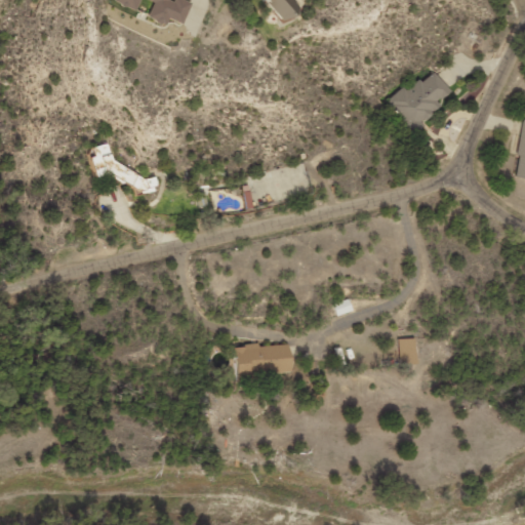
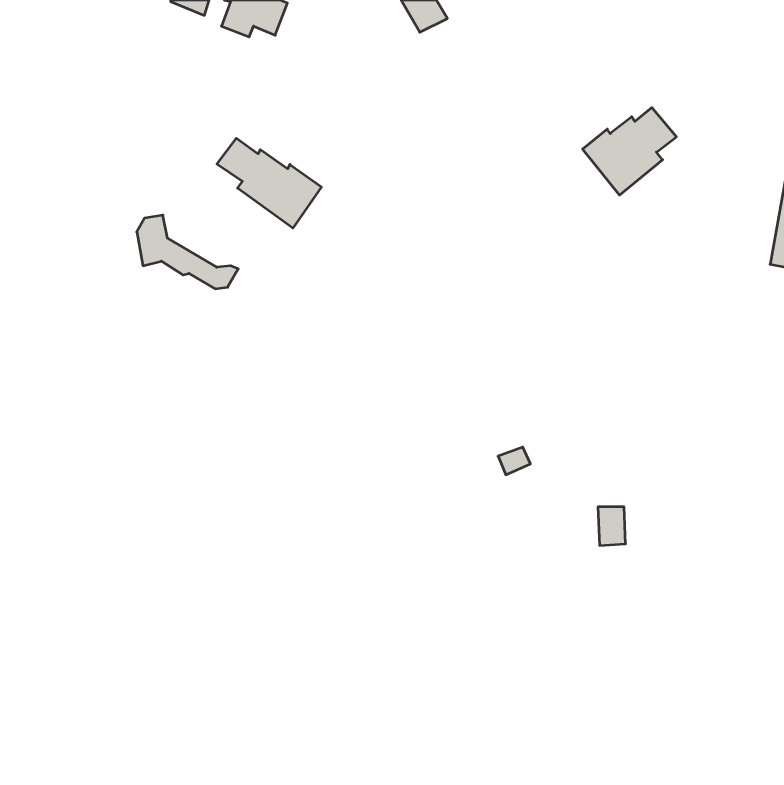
building: none -> [217,138,321,228]
building: [237,344,294,381] -> none

